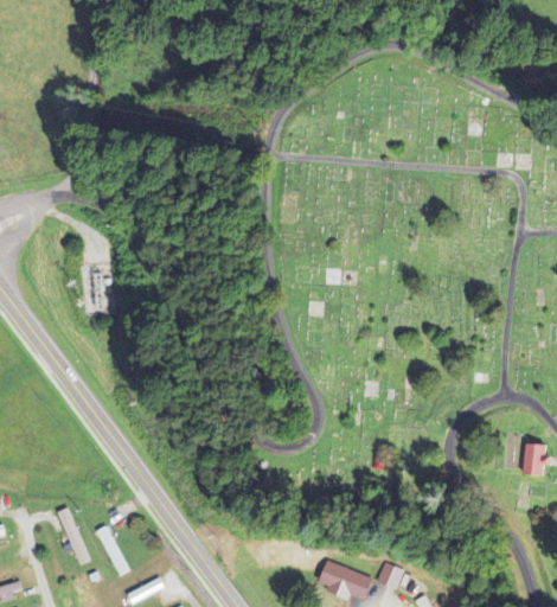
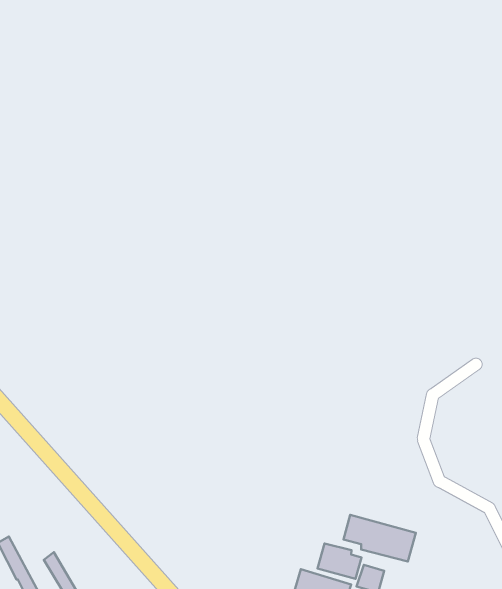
building: none -> [344,515,416,562]
building: none -> [318,543,361,579]

